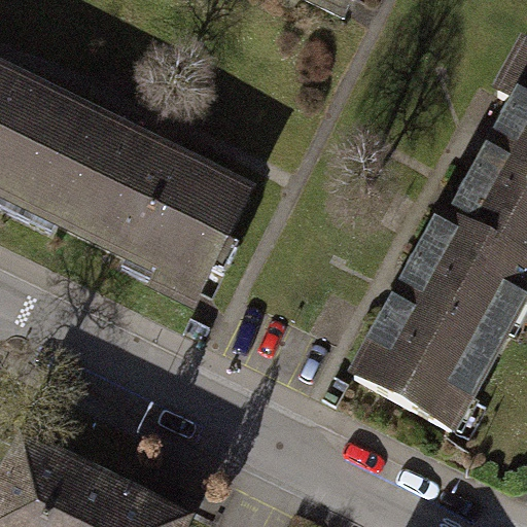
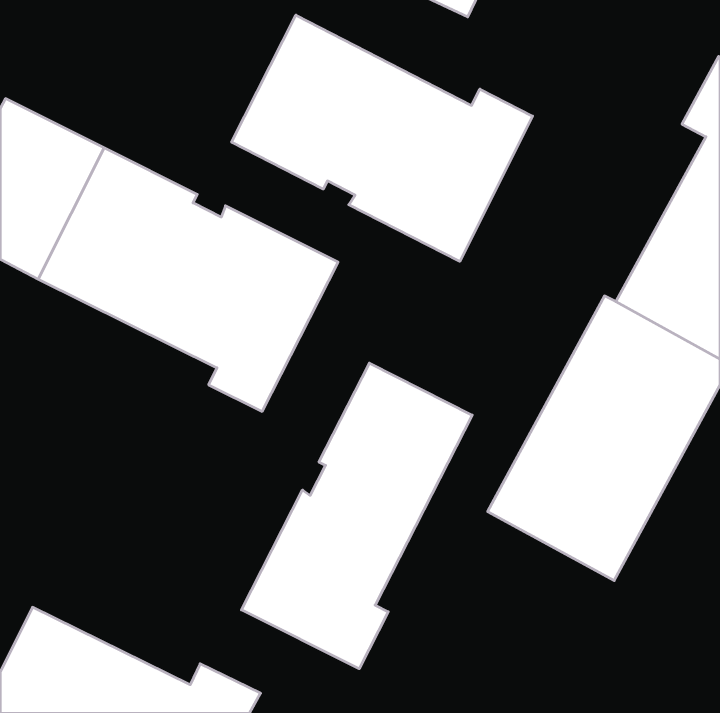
building: none -> [232,15,533,261]
building: none -> [241,363,472,669]

